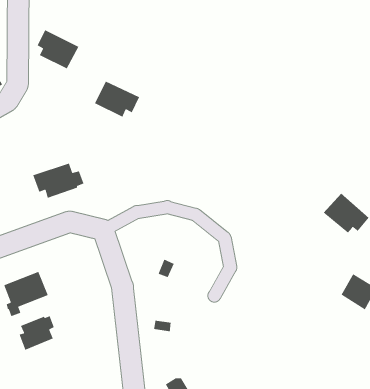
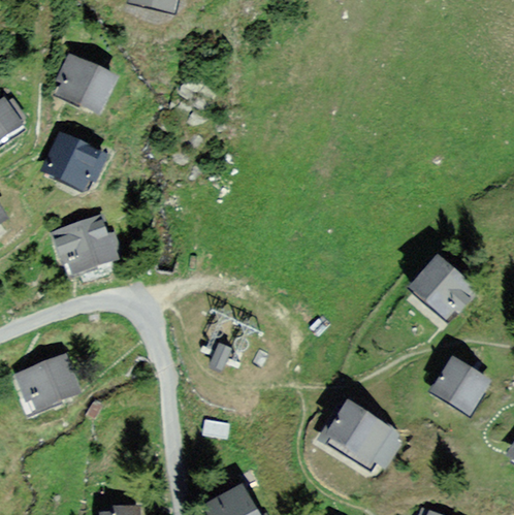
building: [94,80,140,118] -> [46,137,104,184]
building: none -> [321,406,400,470]
building: [18,315,55,351] -> none

